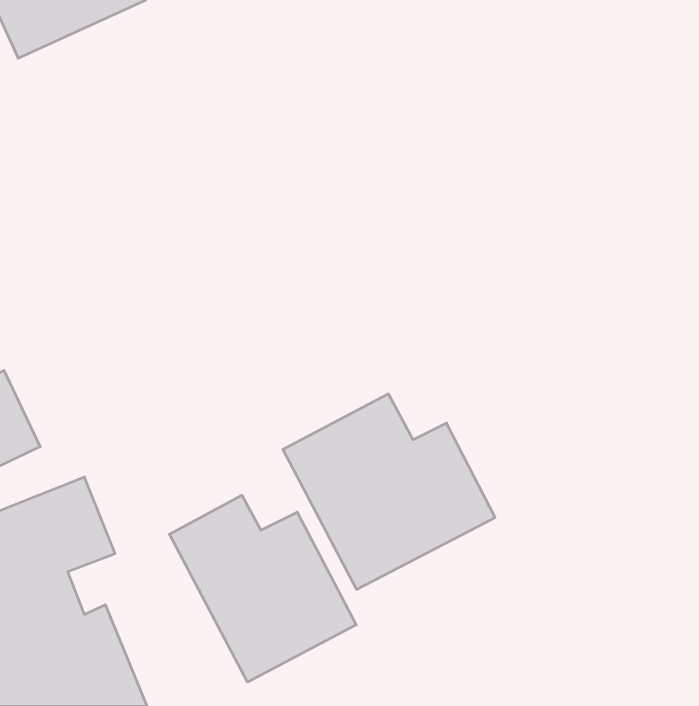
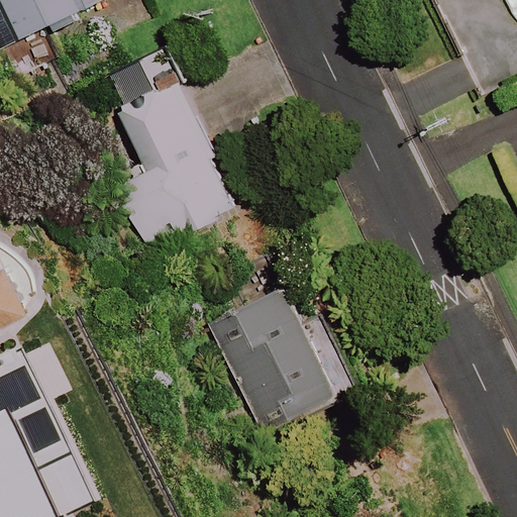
building: none -> [106,63,228,243]
building: [169,495,356,682] -> none

